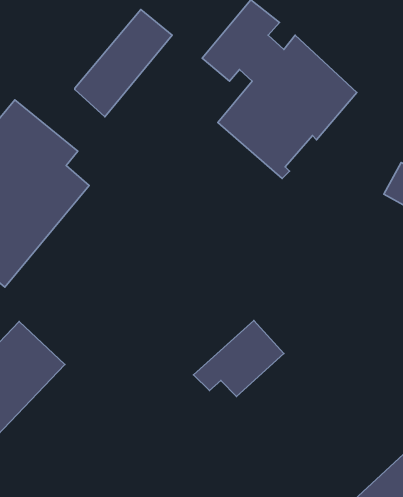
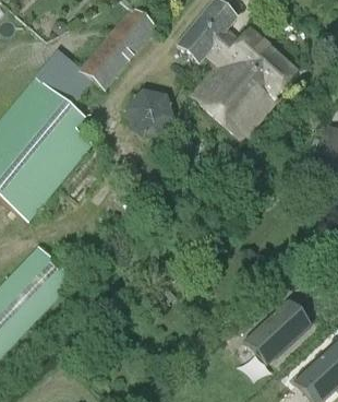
building: none -> [36,49,94,107]
building: none -> [123,81,180,138]
building: [194,321,284,396] -> [243,299,312,357]

